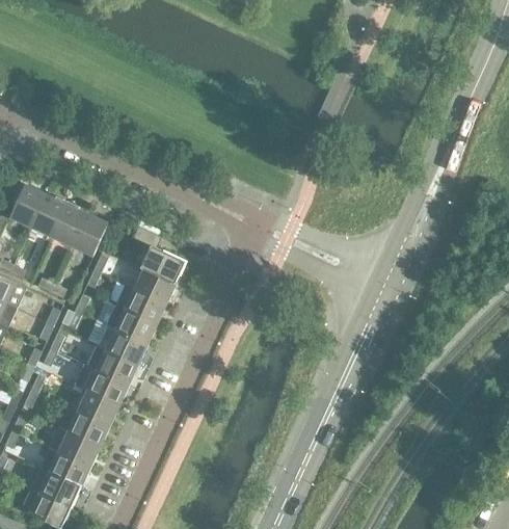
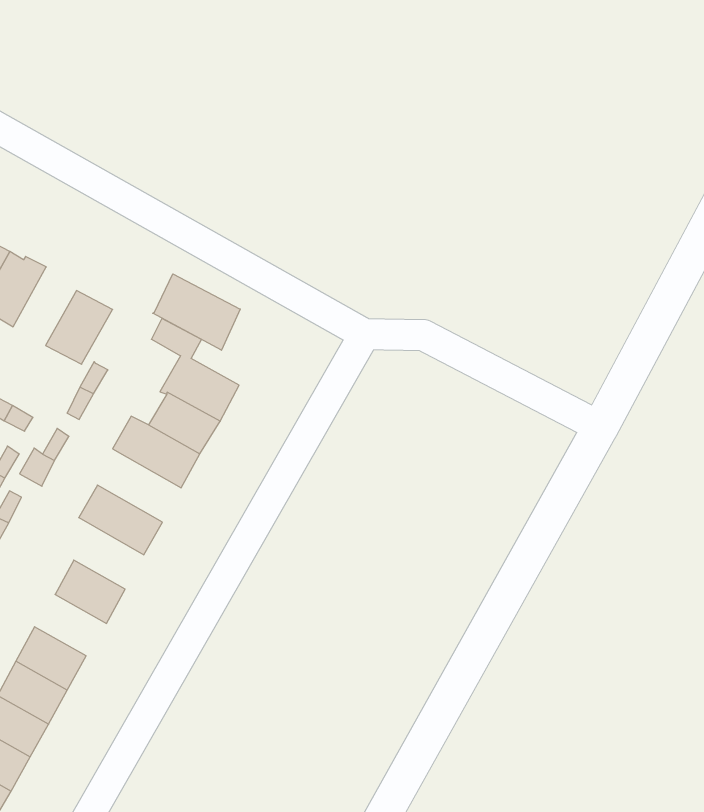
building: none -> [153,274,240,350]
building: [51,202,86,247] -> none
building: [105,305,156,345] -> none
building: [86,346,137,386] -> none
building: [77,392,118,426] -> none

